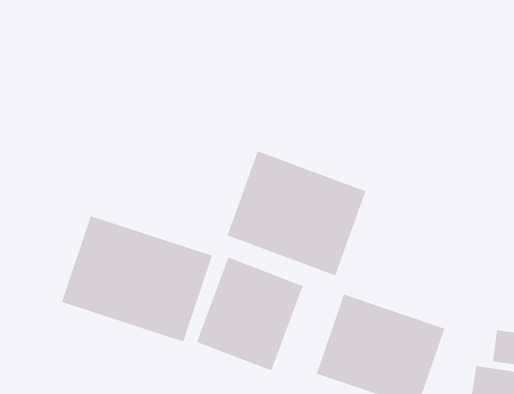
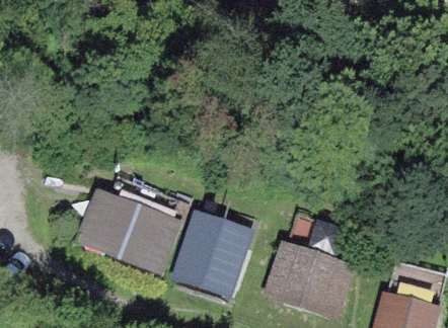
building: [227,150,366,276] -> none

